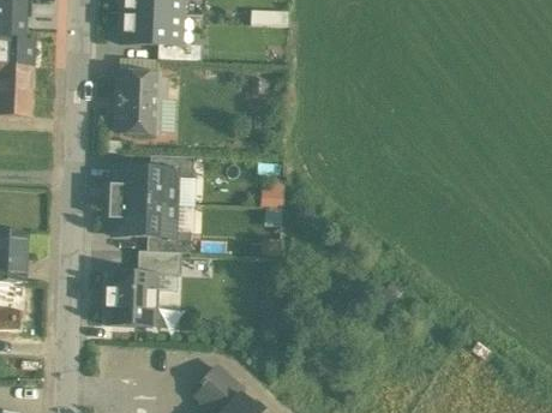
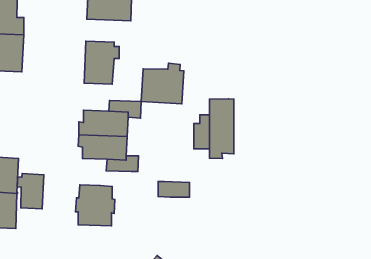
building: none -> [141,63,184,104]
building: none -> [210,99,234,159]
building: [138,250,181,271] -> [158,181,190,197]
building: none -> [17,174,44,209]

